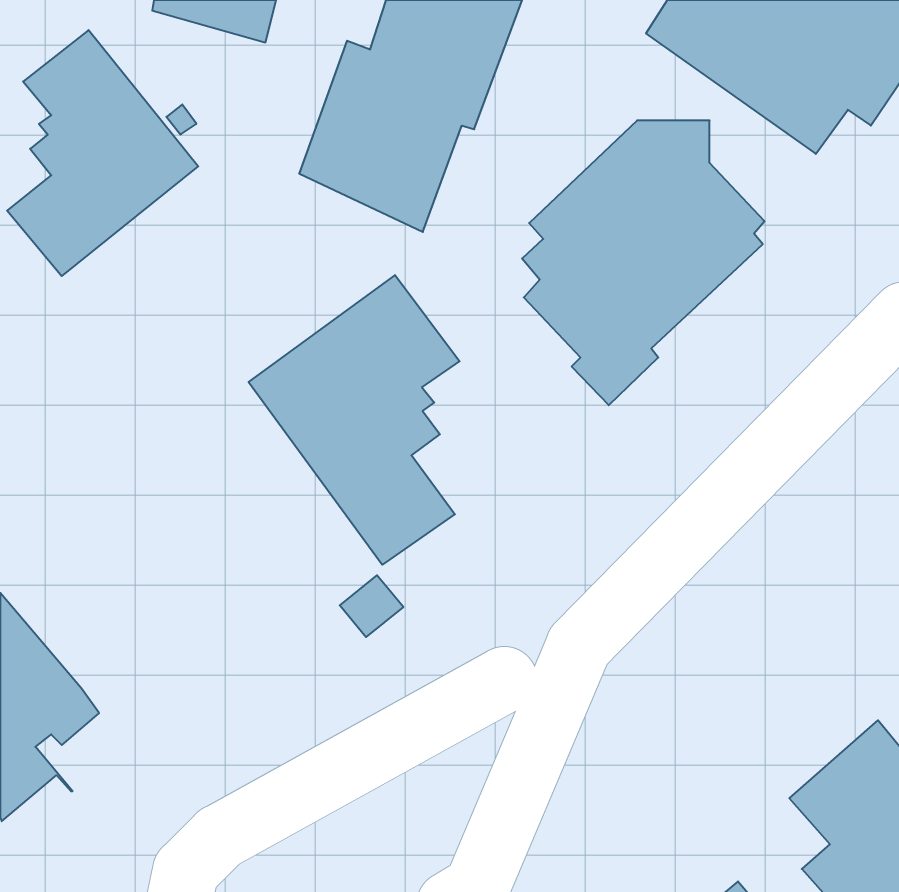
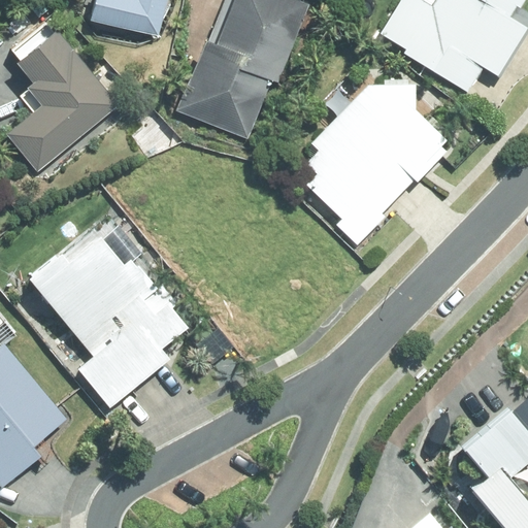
building: [249,275,460,565] -> none
building: none -> [21,230,186,410]

